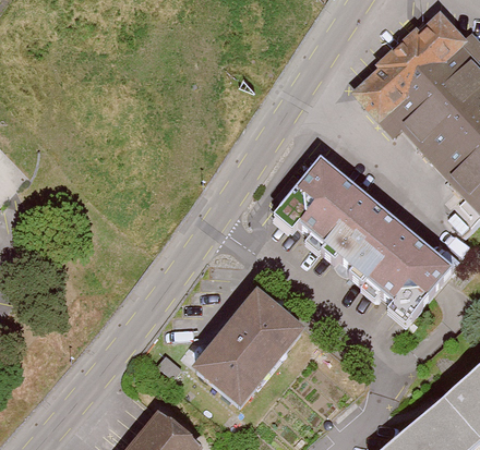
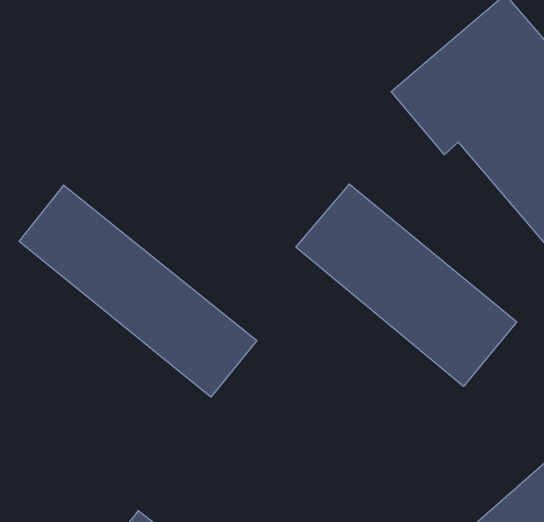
building: none -> [19,185,257,397]
building: [195,291,303,403] -> none

